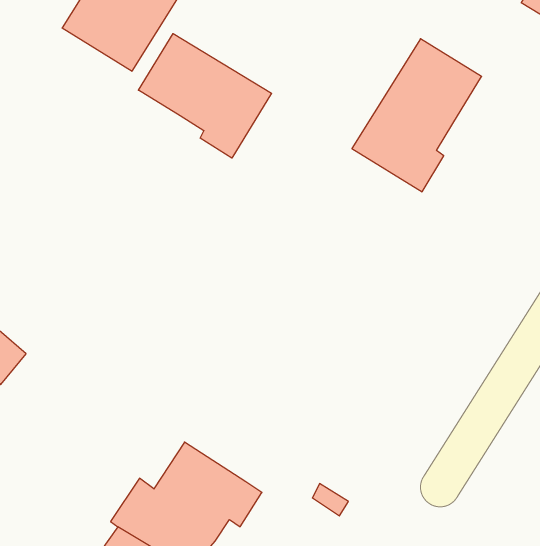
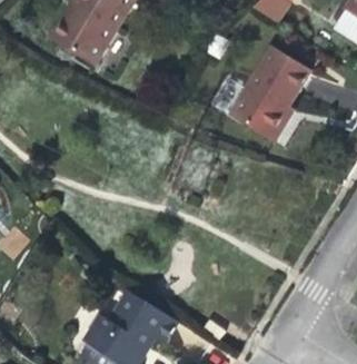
building: [138,34,272,158] -> none

